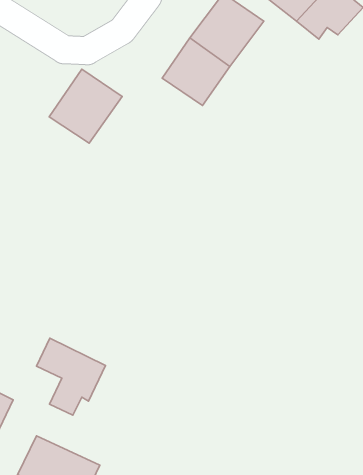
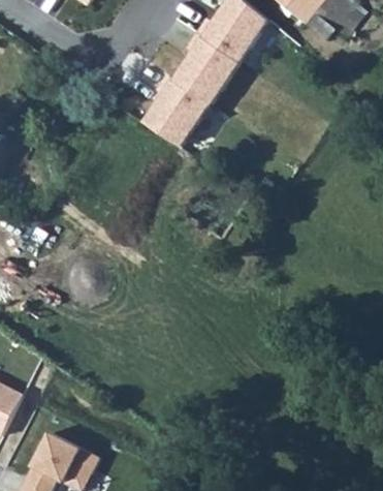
building: [49,69,122,143] -> [137,79,209,151]
building: [37,338,106,415] -> none

